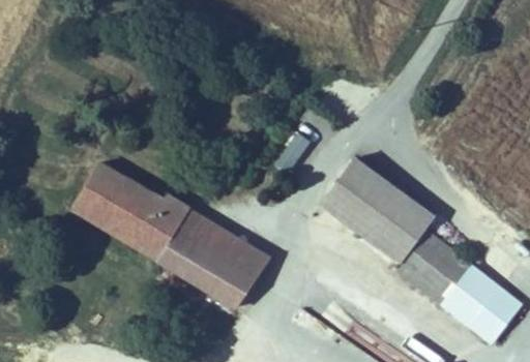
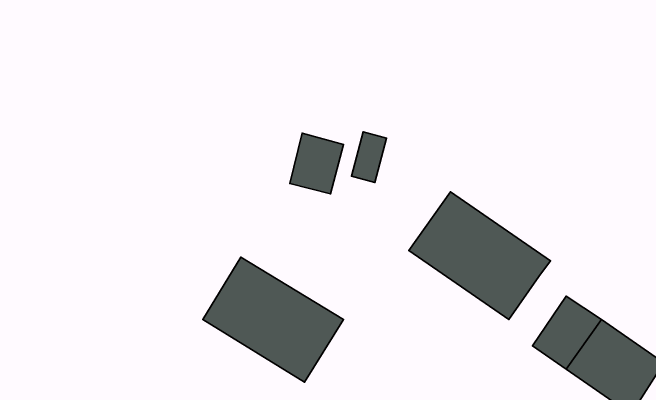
building: none -> [290,133,343,194]
building: [75,170,192,268] -> none
building: [402,234,450,289] -> none

